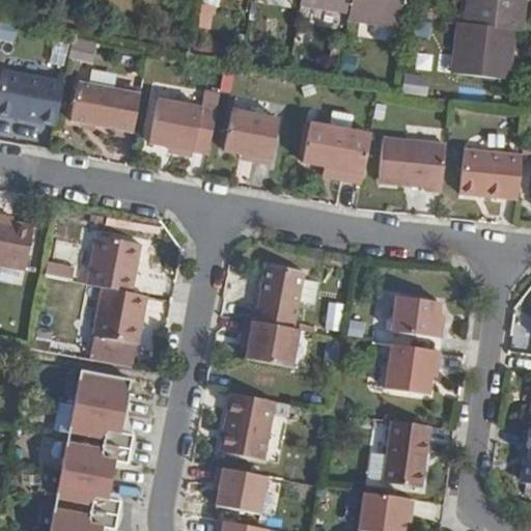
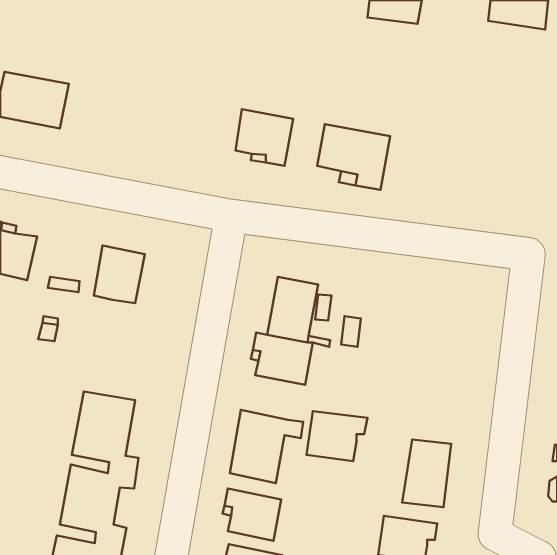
building: [452,22,512,79] -> none
building: [72,81,140,131] -> none
building: [150,89,220,157] -> none
building: [380,136,447,190] -> none
building: [463,147,524,196] -> none
building: [95,287,147,367] -> none
building: [392,296,445,337] -> none
building: [383,343,441,391] -> [306,411,367,461]

